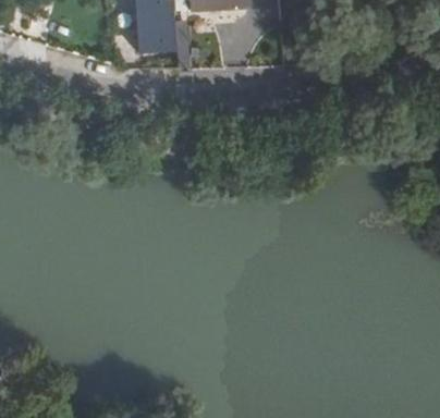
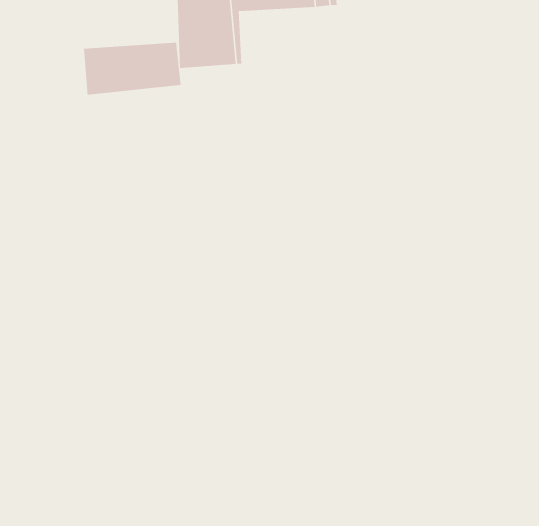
building: none -> [83,42,181,96]

